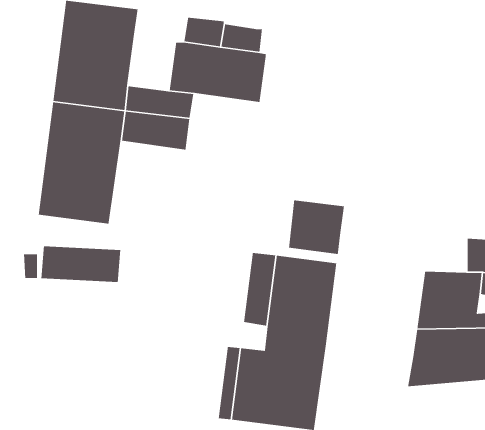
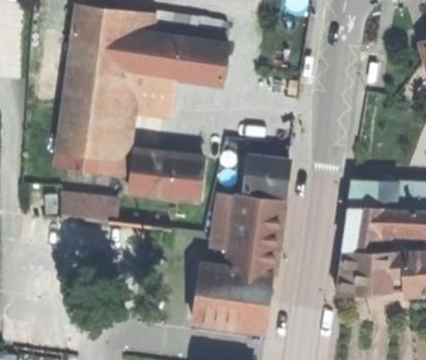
building: none -> [124,31,160,72]
building: none -> [128,149,204,200]
building: none -> [349,183,381,210]

